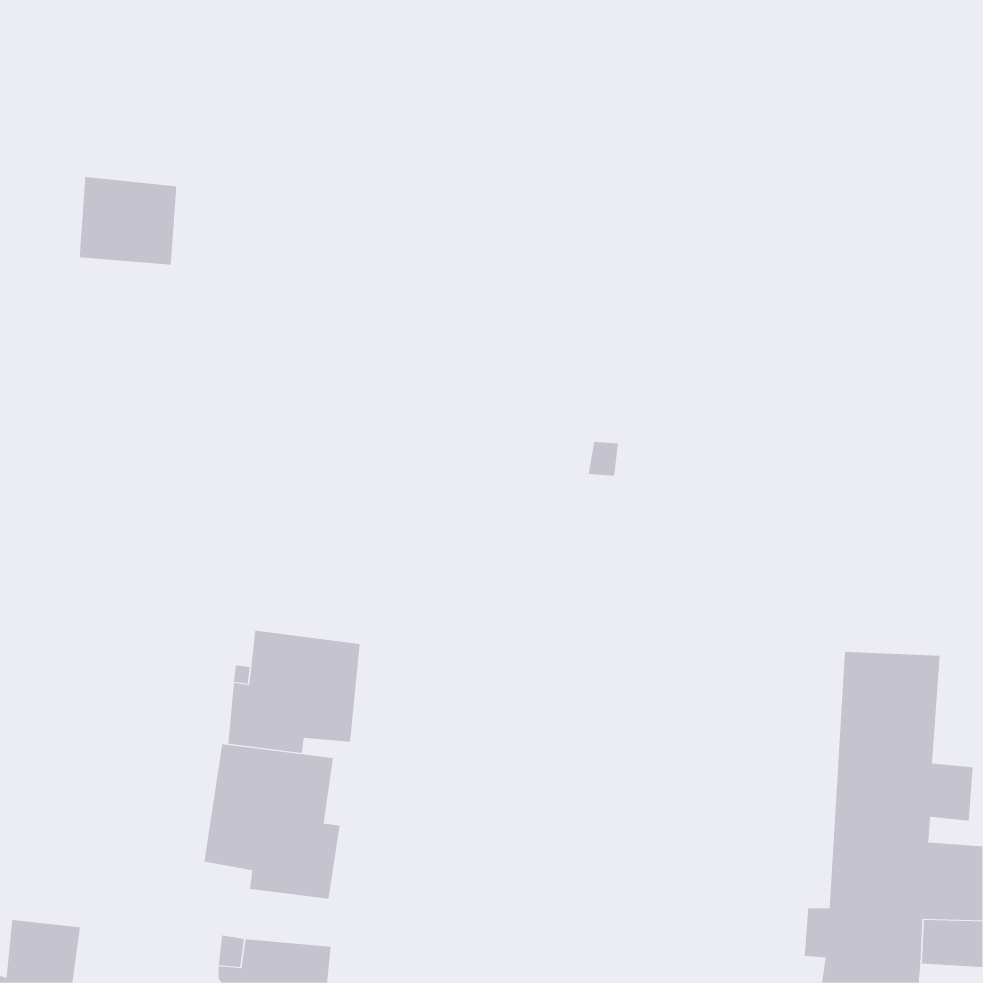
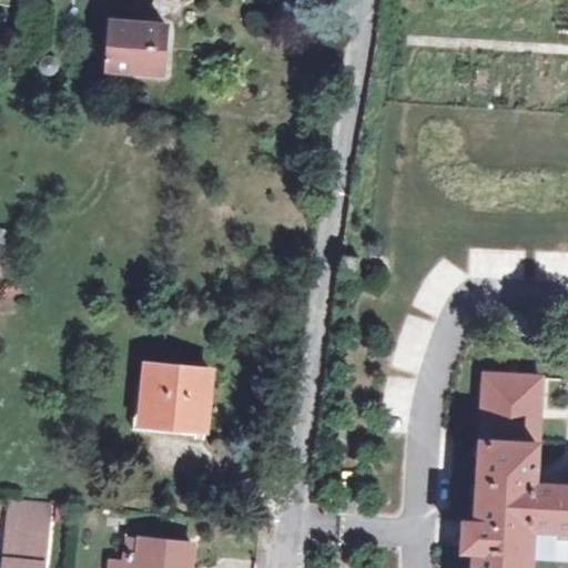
building: [79,177,177,265] -> [110,21,166,72]
building: [204,743,340,899] -> none
building: none -> [7,499,49,534]

